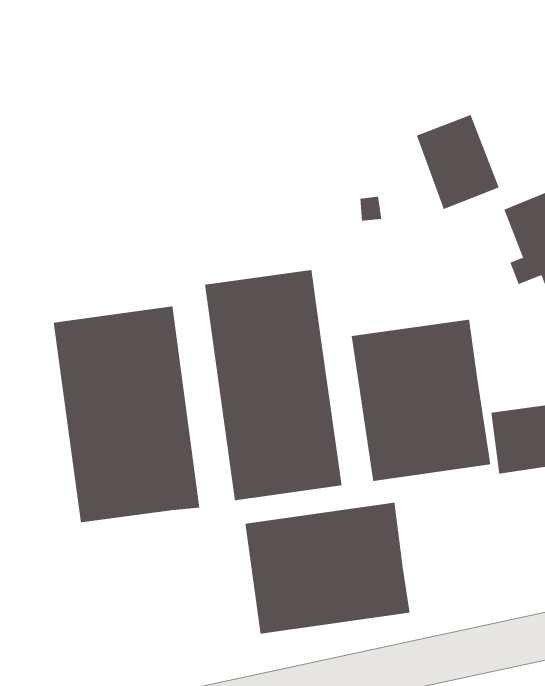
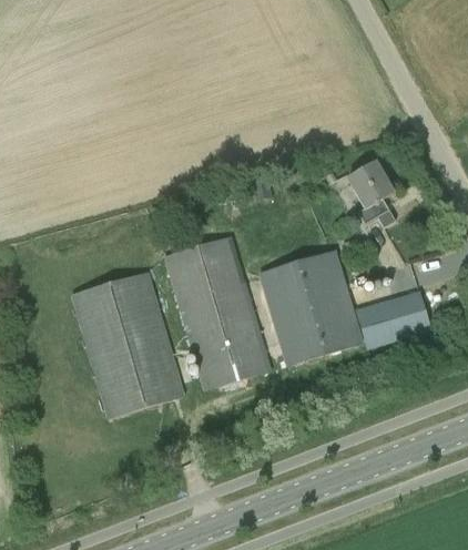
building: [416,114,500,210] -> none
building: [245,502,410,635] -> none

